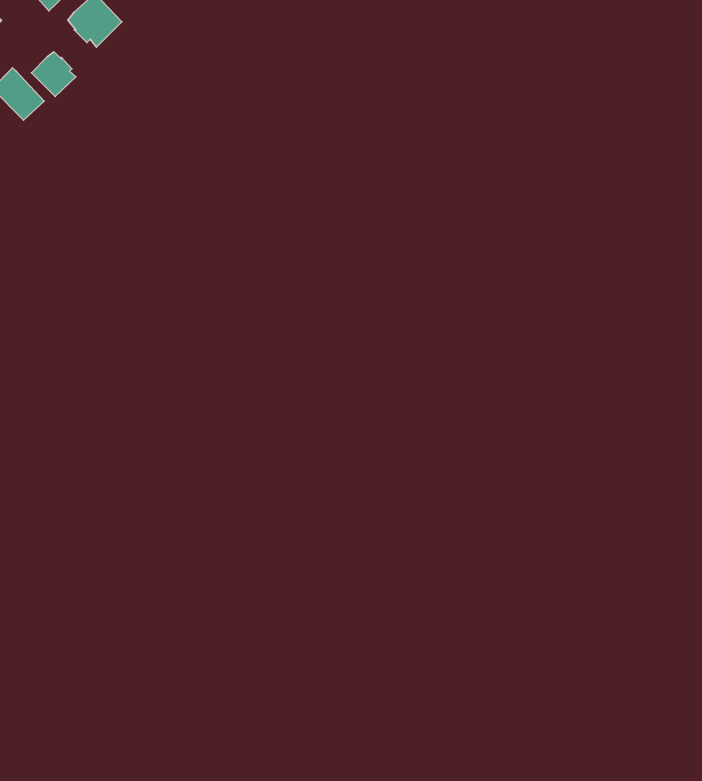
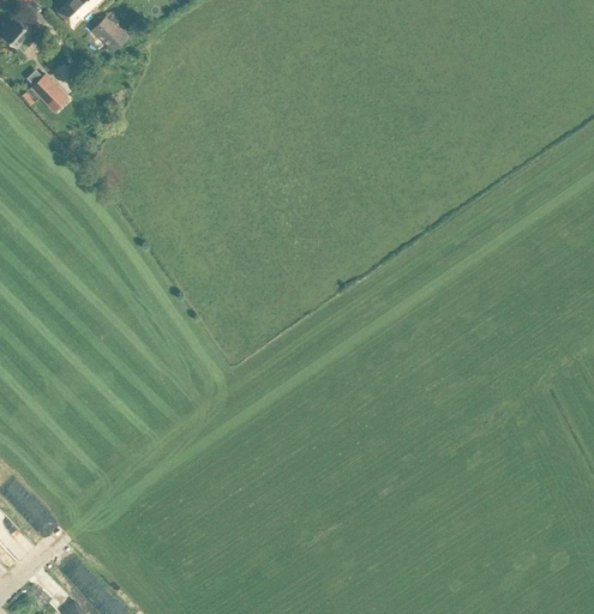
building: [32,52,76,96] -> none

